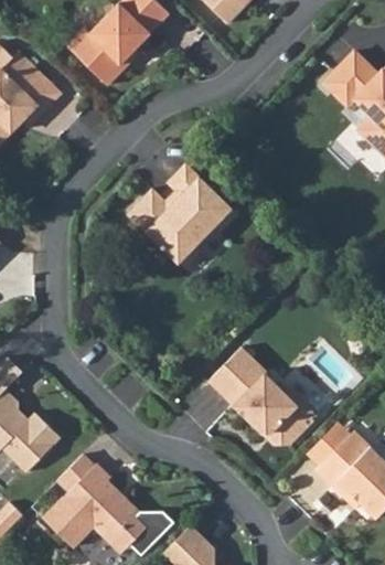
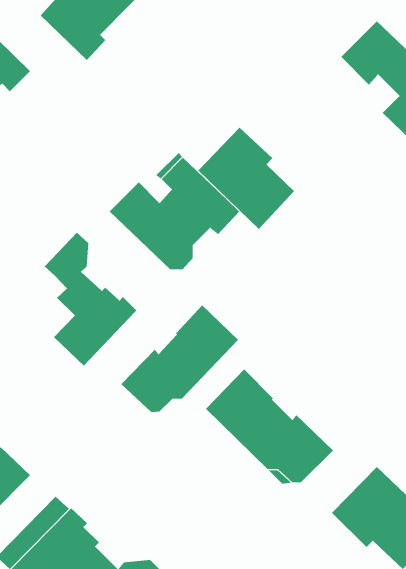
building: none -> [198,127,295,230]
building: none -> [44,232,137,367]
building: none -> [121,304,239,413]

